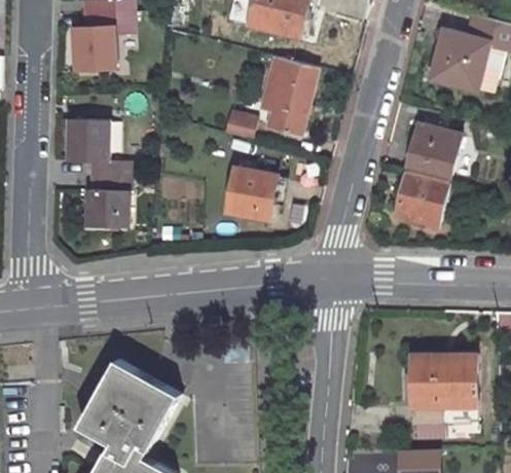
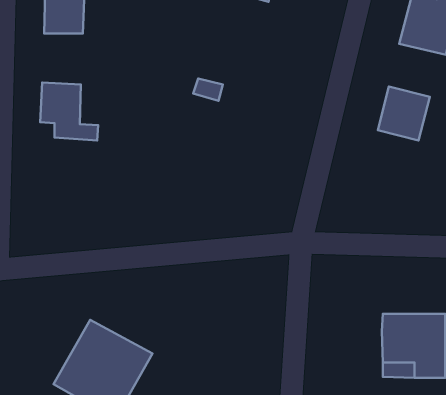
building: [260,59,314,133] -> none
building: [225,168,283,222] -> none
building: [394,169,448,225] -> none
building: [79,176,126,228] -> none

